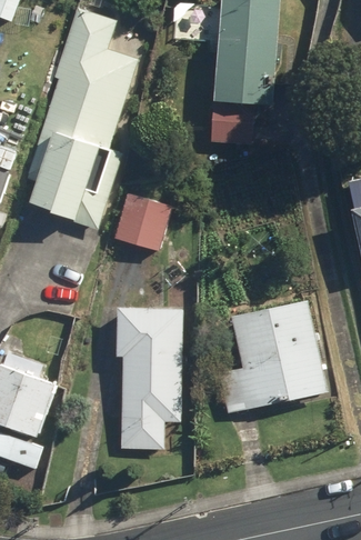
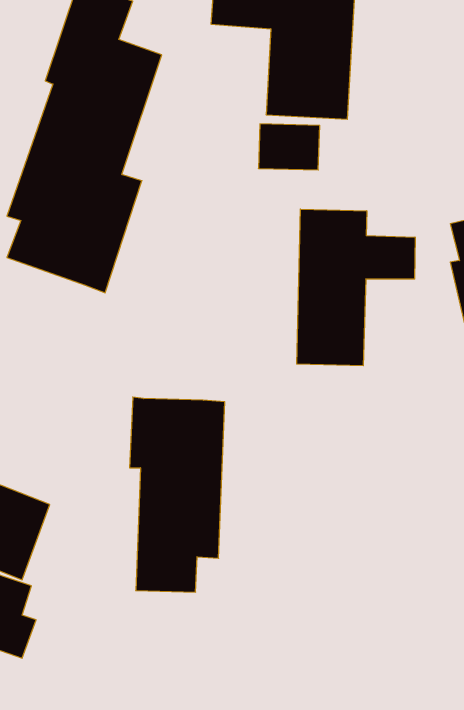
building: none -> [297,209,415,366]
building: [117,191,173,250] -> none
building: [220,301,327,413] -> none

